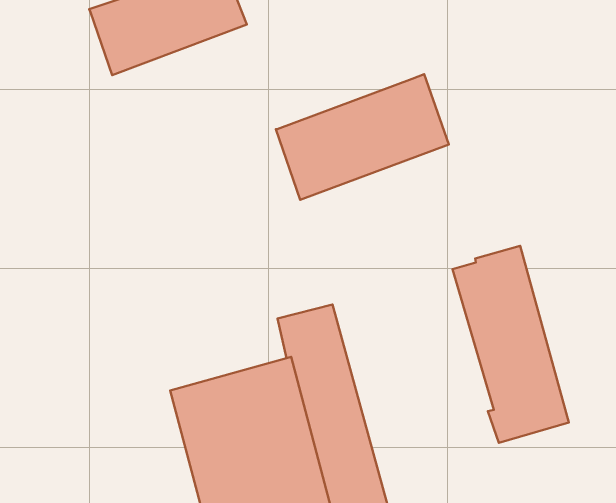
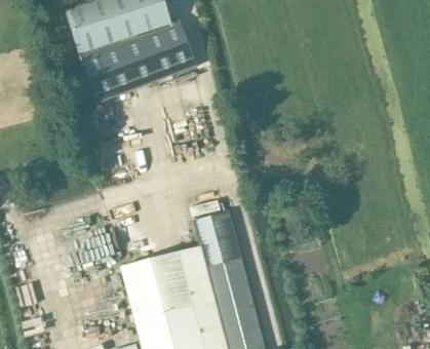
building: [276,74,449,200] -> [80,18,196,103]
building: [453,246,569,443] -> none

